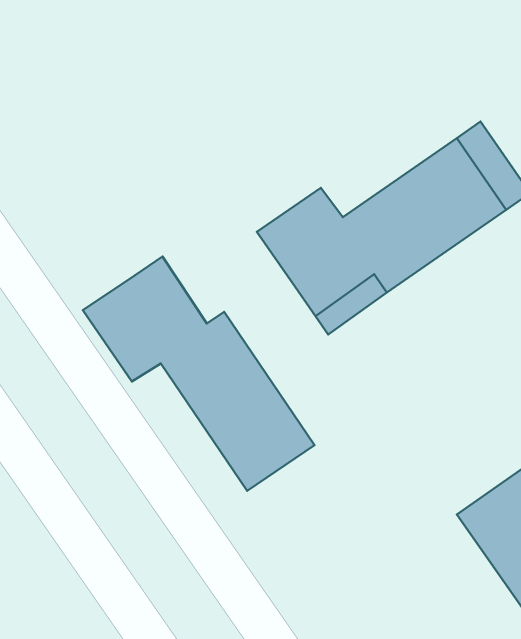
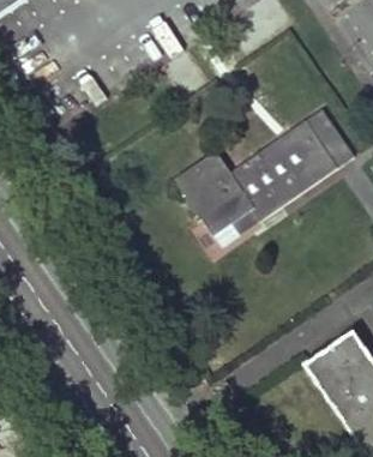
building: [83,256,315,491] -> none

